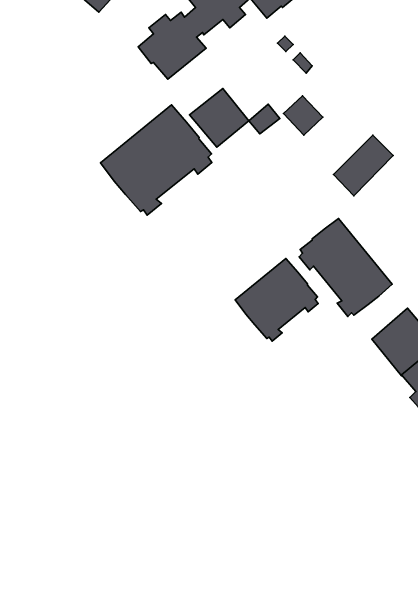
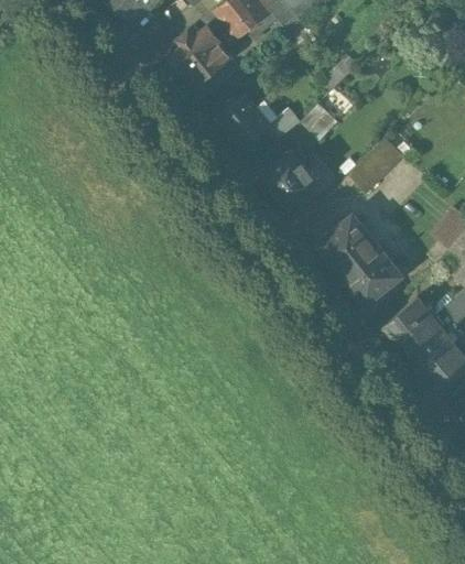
building: [101,105,212,215] -> none
building: none -> [261,147,321,208]
building: [235,258,318,341] -> none

